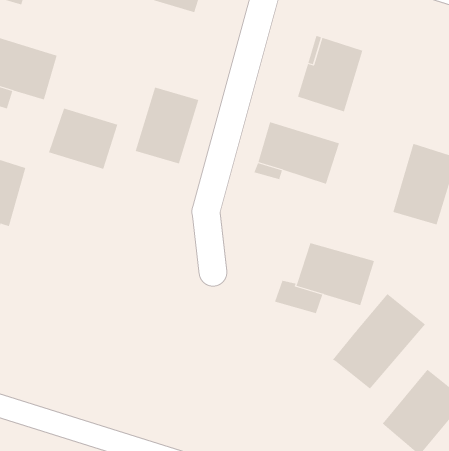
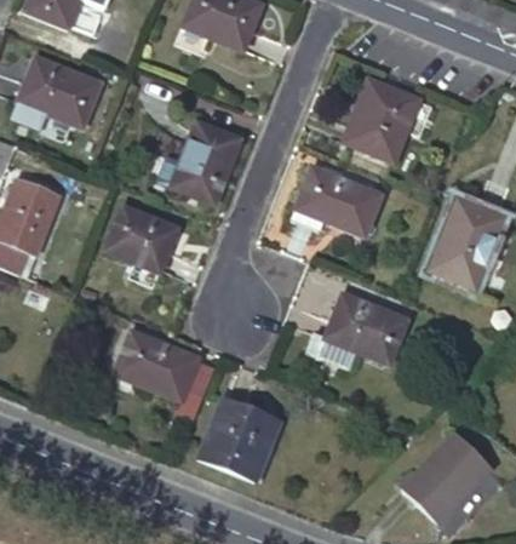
building: [48,108,118,169] -> [105,205,179,271]
building: [332,293,426,389] -> none
building: none -> [115,330,216,424]
building: none -> [200,397,281,480]

